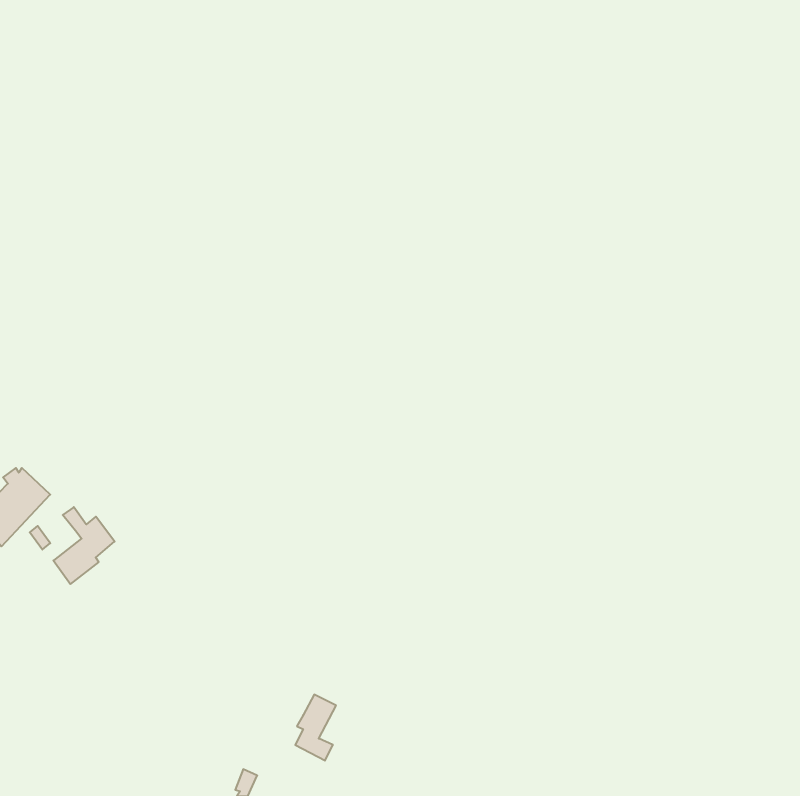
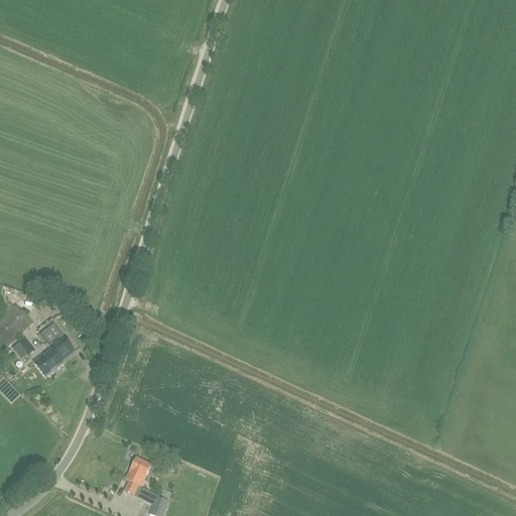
building: [295,695,336,761] -> [124,457,150,499]

